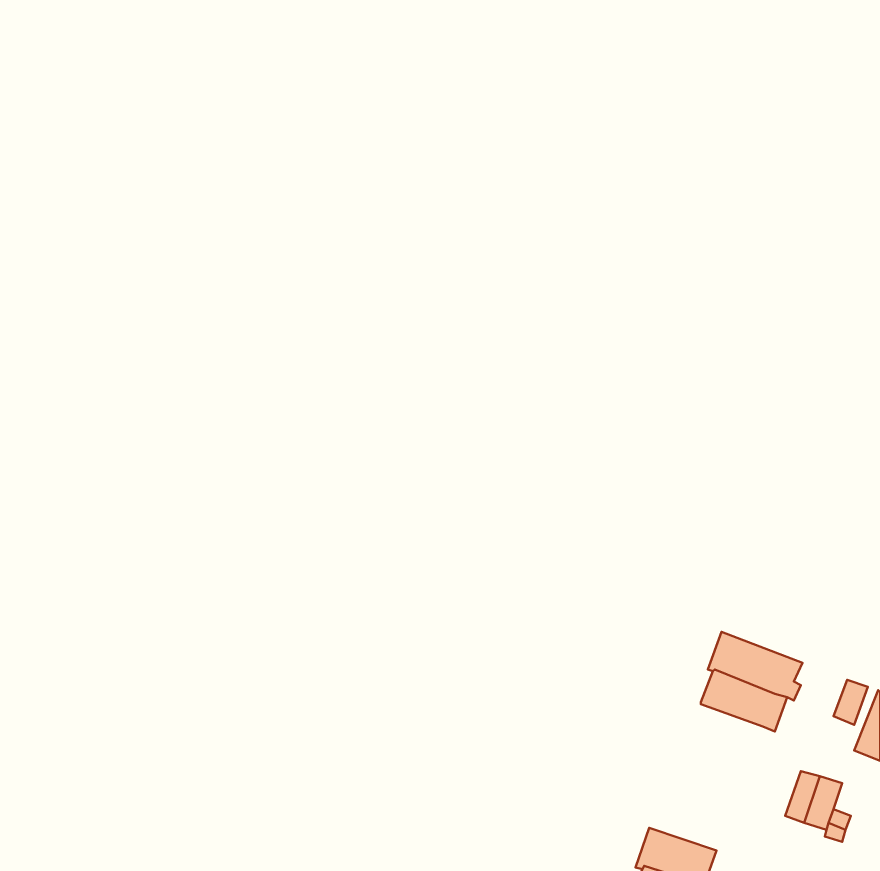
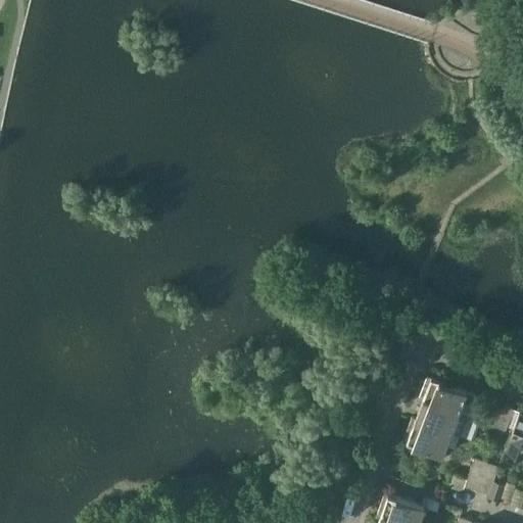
building: none -> [403,421,453,459]

